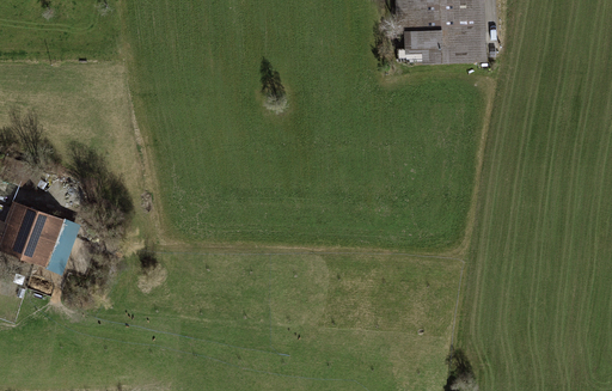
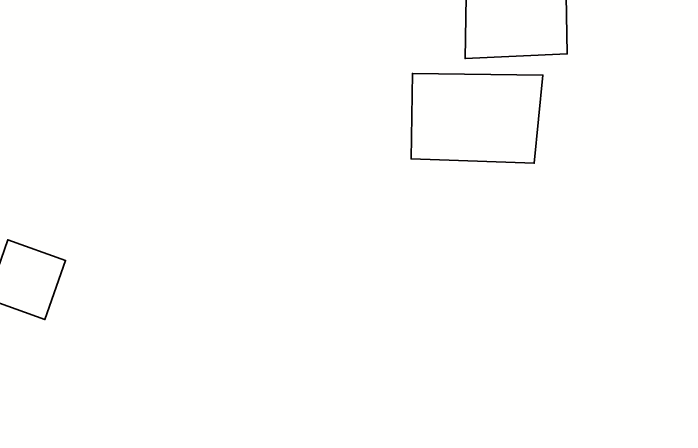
building: none -> [411,73,543,163]

